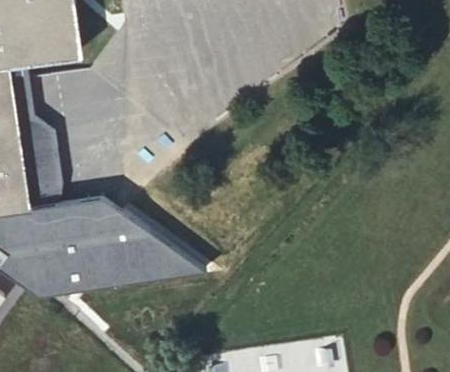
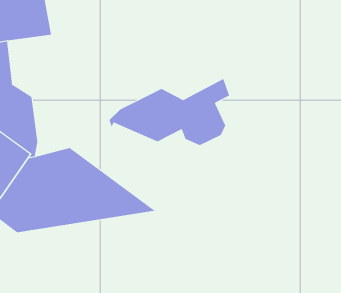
building: none -> [109,78,230,146]

